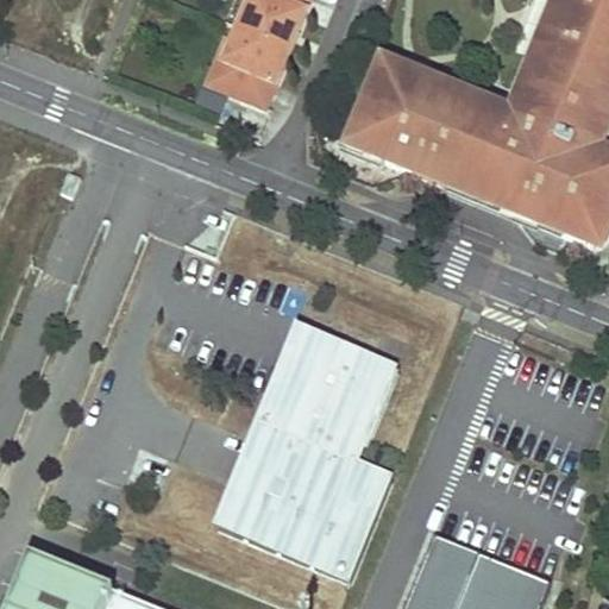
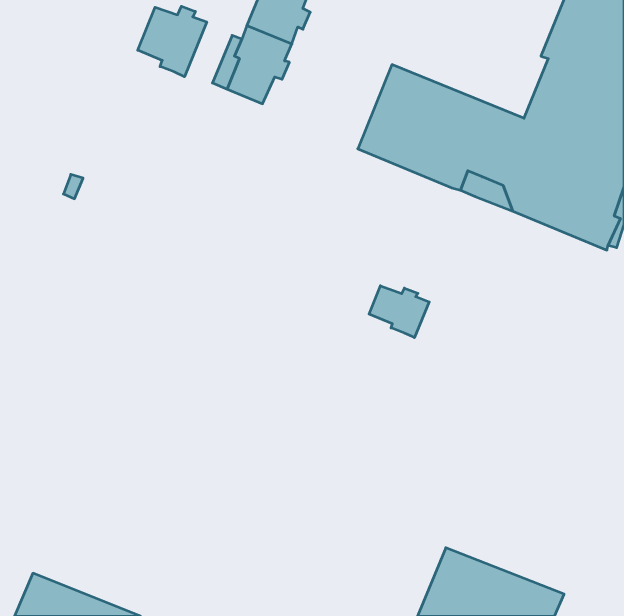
building: none -> [138,6,207,77]
building: none -> [369,286,429,338]
building: [218,329,395,580] -> none

